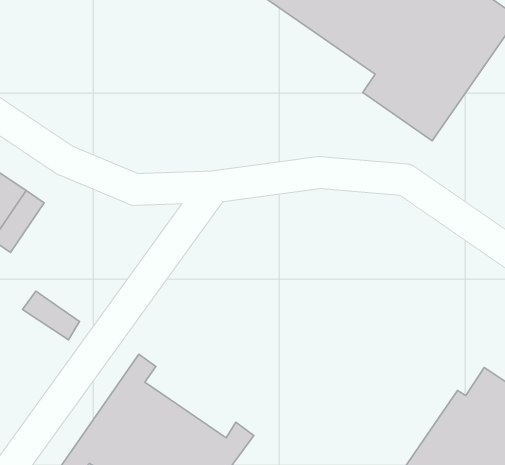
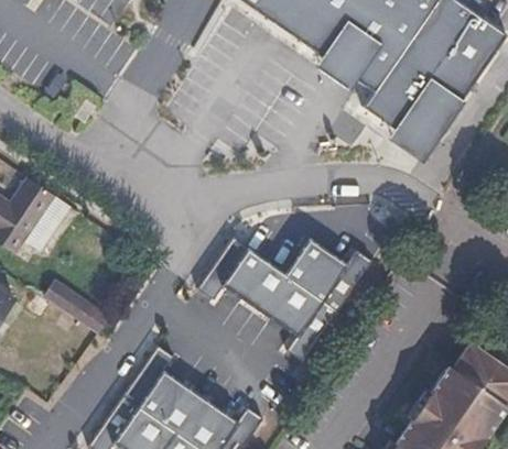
building: none -> [197,234,372,359]

